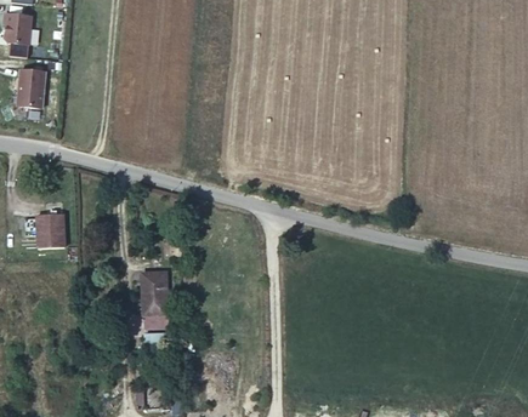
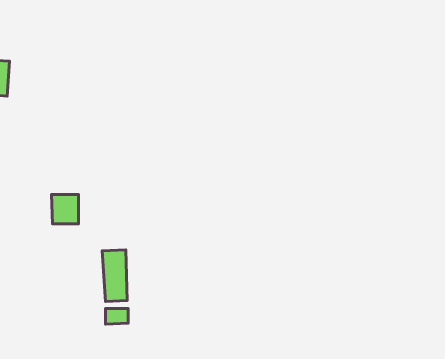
building: [39,217,68,249] -> [52,195,79,224]

